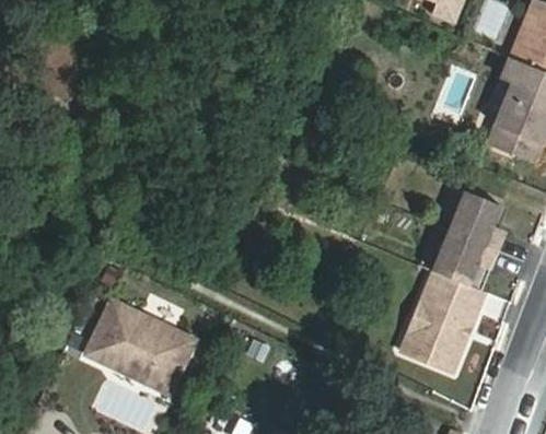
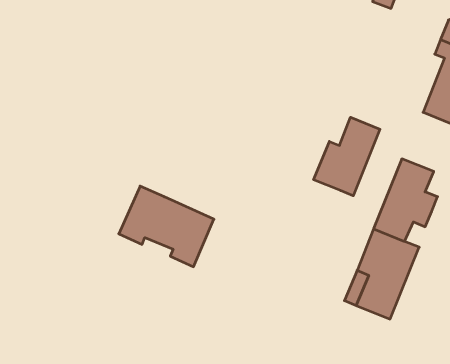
building: none -> [314,117,380,196]
building: [81,313,188,403] -> [119,186,214,267]

